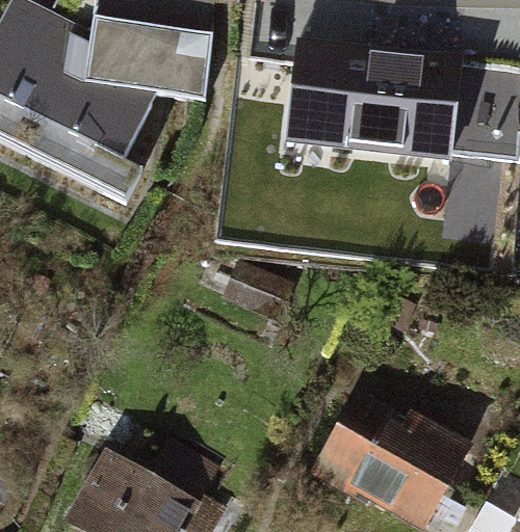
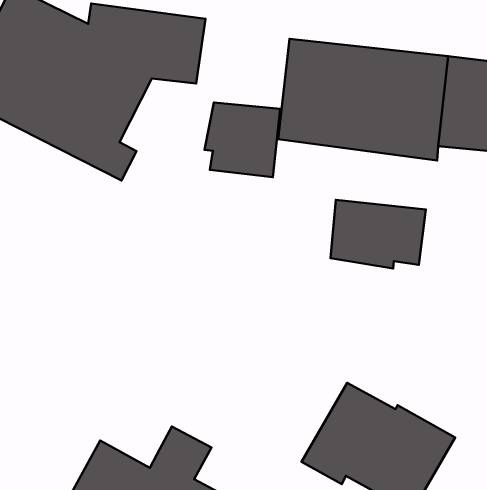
building: none -> [205,102,280,177]
building: none -> [330,200,426,269]

